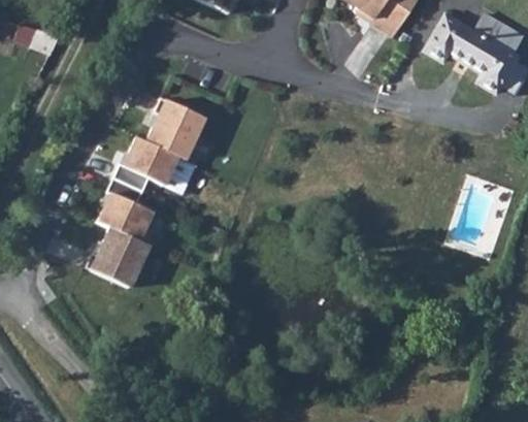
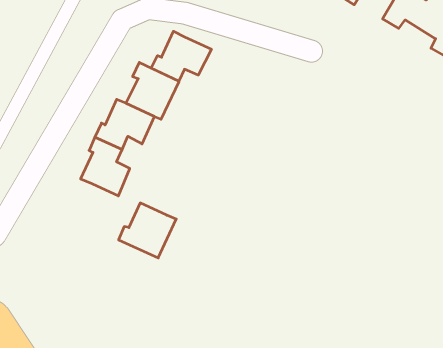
building: none -> [151,31,211,81]
building: [87,229,150,289] -> [119,203,176,258]

